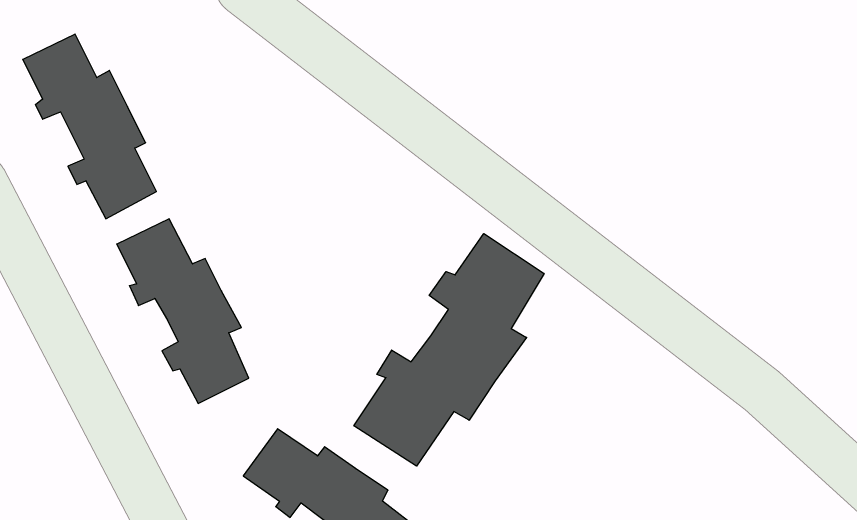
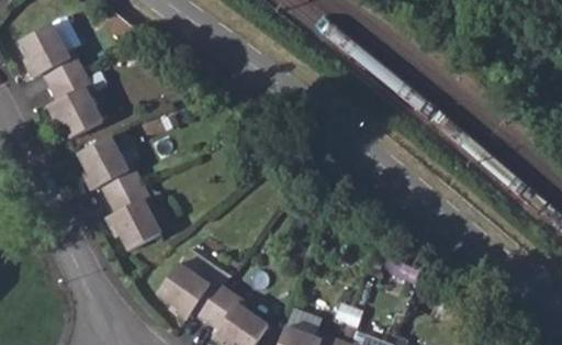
building: [354,234,544,466] -> none

